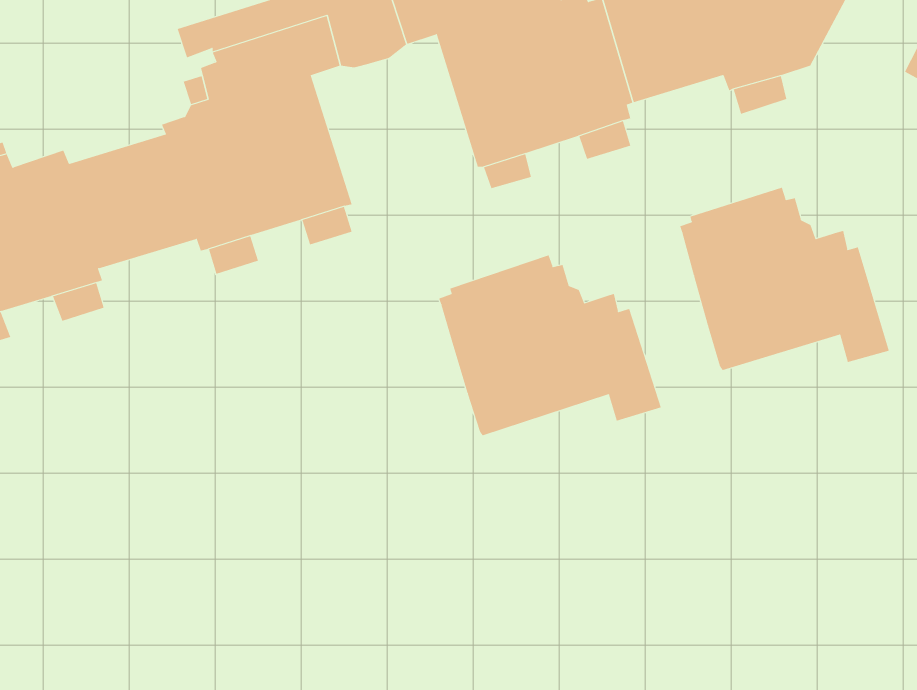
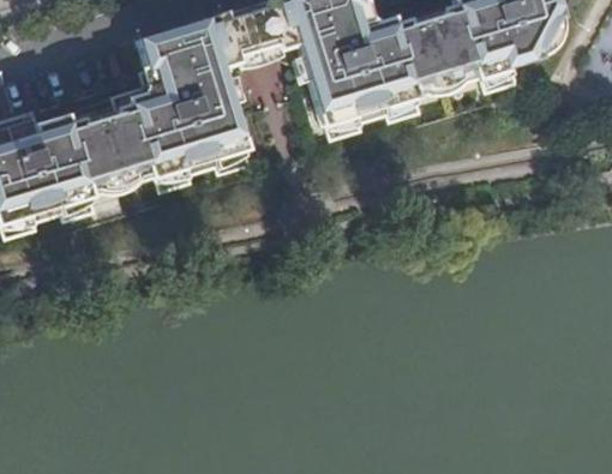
building: [679,187,889,371] -> none
building: [438,255,662,436] -> none

